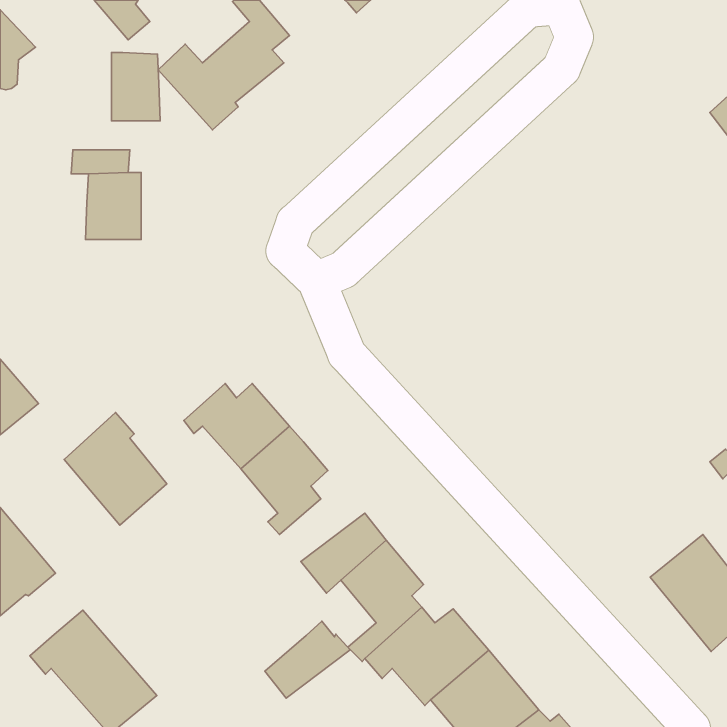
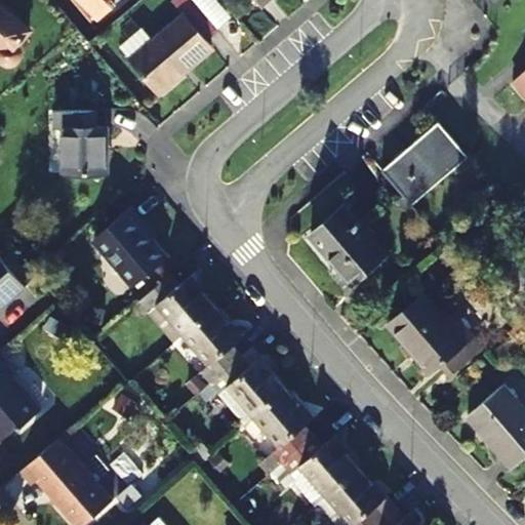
building: [111,53,160,121] -> none
building: none -> [388,121,473,205]
building: none -> [313,207,388,283]
building: none -> [388,295,482,373]
building: [64,413,167,525] -> [89,205,163,286]
building: [265,621,350,698] -> [202,350,264,405]

